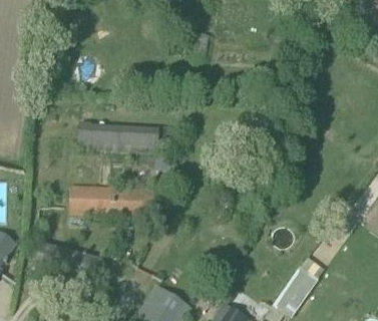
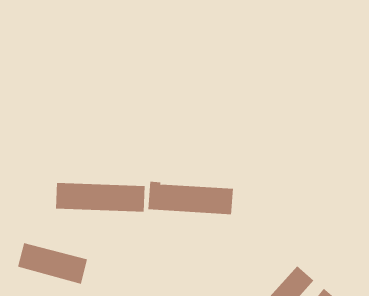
building: [77,119,159,151] -> [147,181,234,215]

